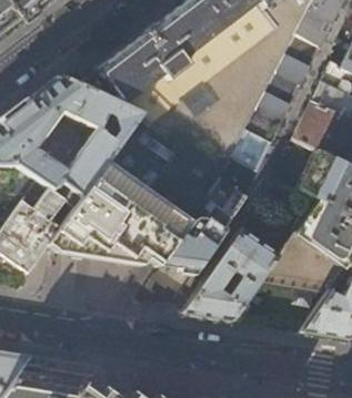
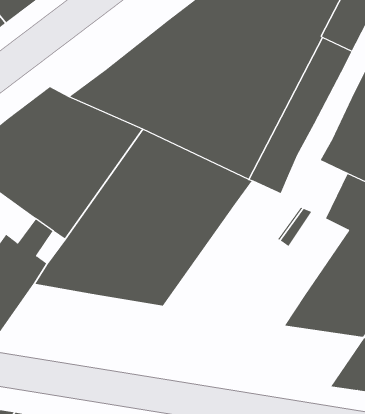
building: [158,176,248,269] -> none
building: [181,223,279,320] -> none

